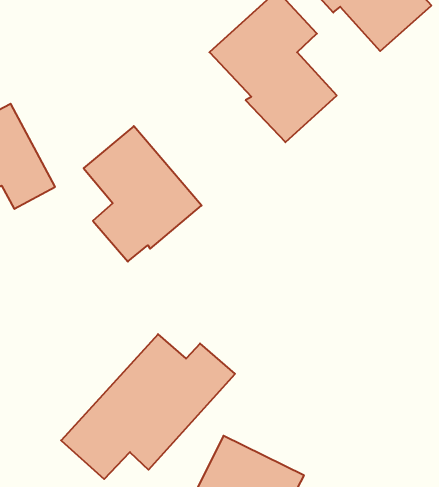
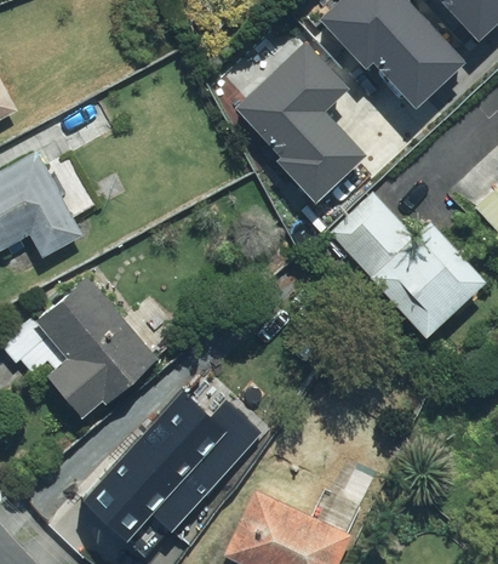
building: [84,126,202,262] -> [36,283,159,423]
building: none -> [328,195,462,337]

